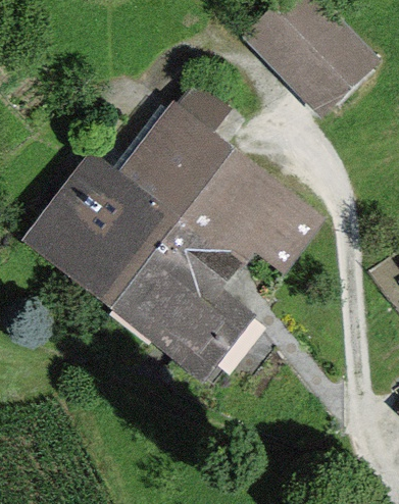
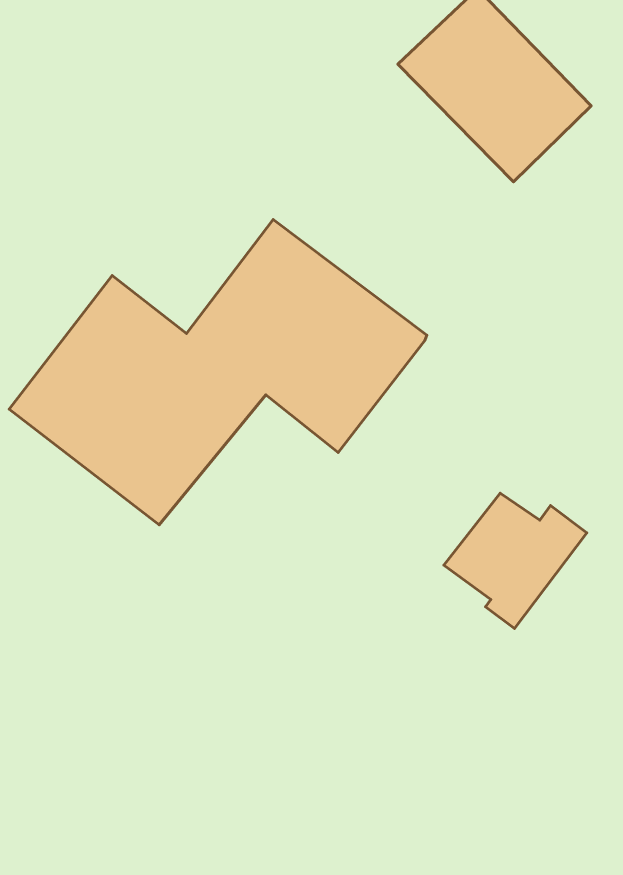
building: [239,194,319,270] -> [444,493,587,628]
building: [120,224,244,362] -> none

